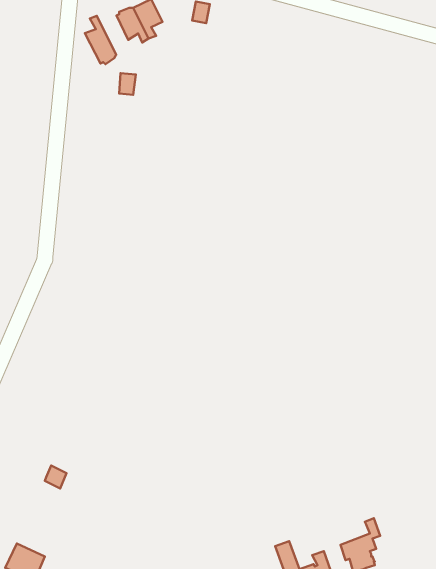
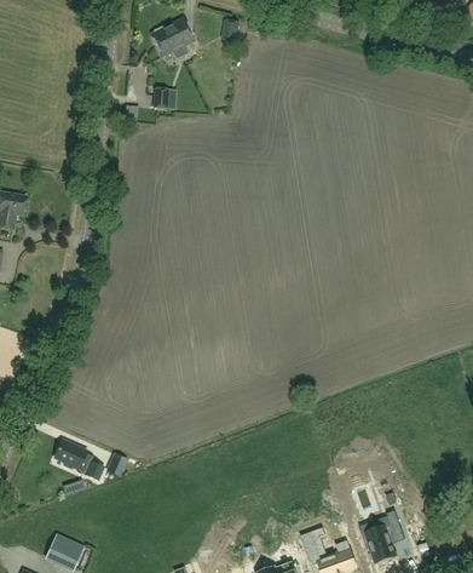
building: [85,16,116,64] -> none
building: none -> [54,440,92,471]

